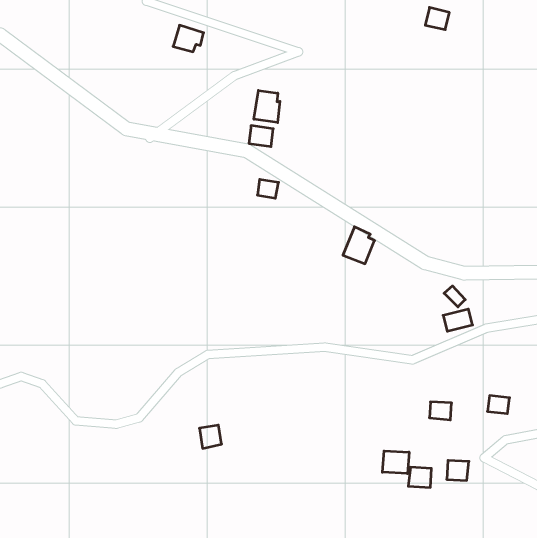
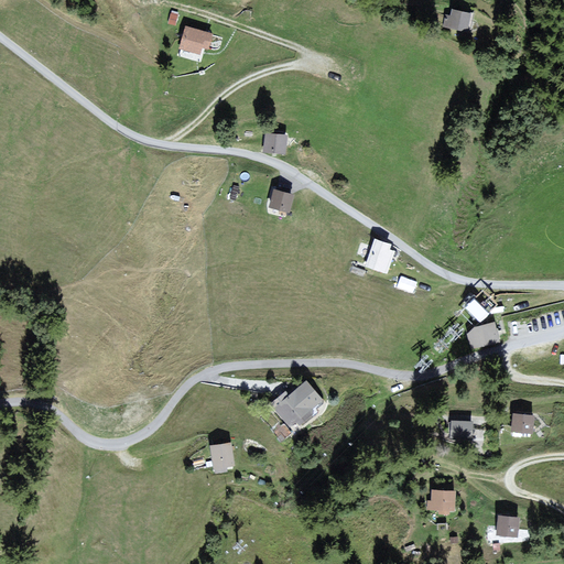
building: [254,90,280,123] -> none
building: none -> [273,378,326,429]
building: [382,451,409,474] -> none
building: [447,460,469,480] -> [497,516,520,536]

